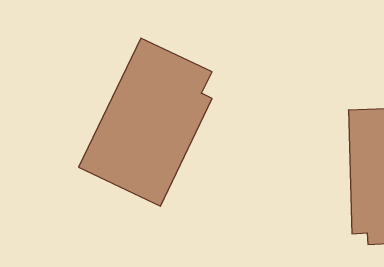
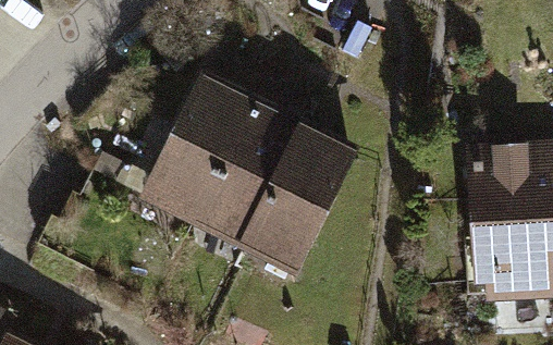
building: none -> [235,127,362,289]

